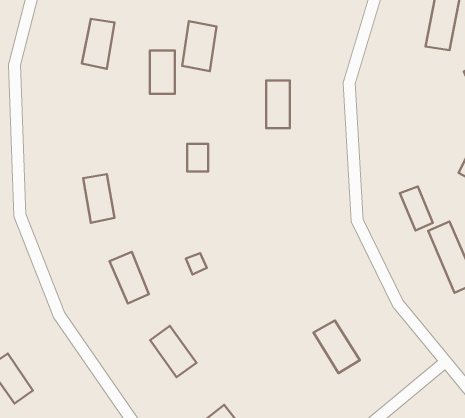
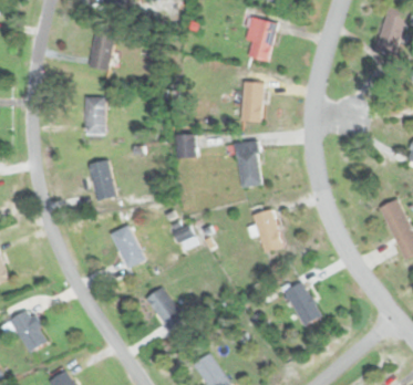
building: [182,21,216,71] -> [247,18,276,60]
building: [150,50,175,94] -> [85,96,106,133]
building: none -> [237,139,262,188]
building: [400,187,433,230] -> none
building: none -> [251,208,283,252]

